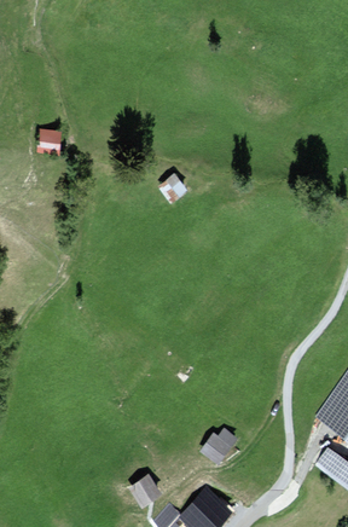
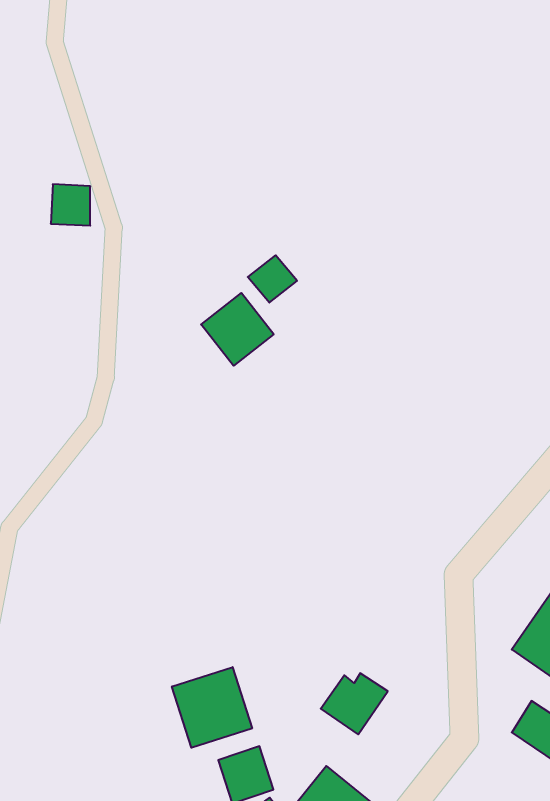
building: none -> [201,293,274,366]
building: none -> [172,667,252,748]

